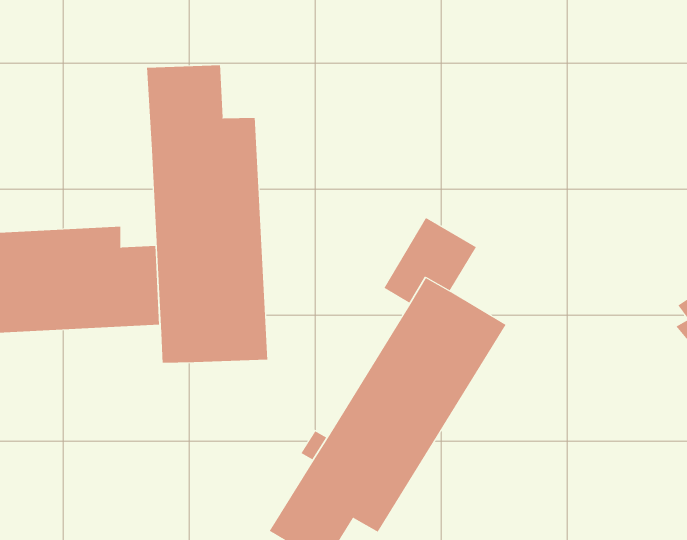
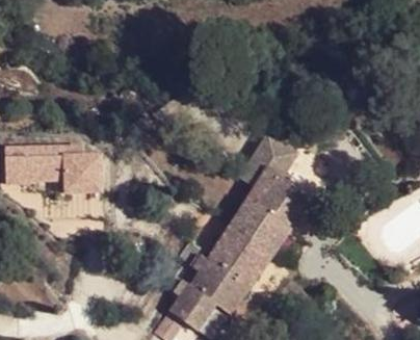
building: [147,65,268,364] -> none

